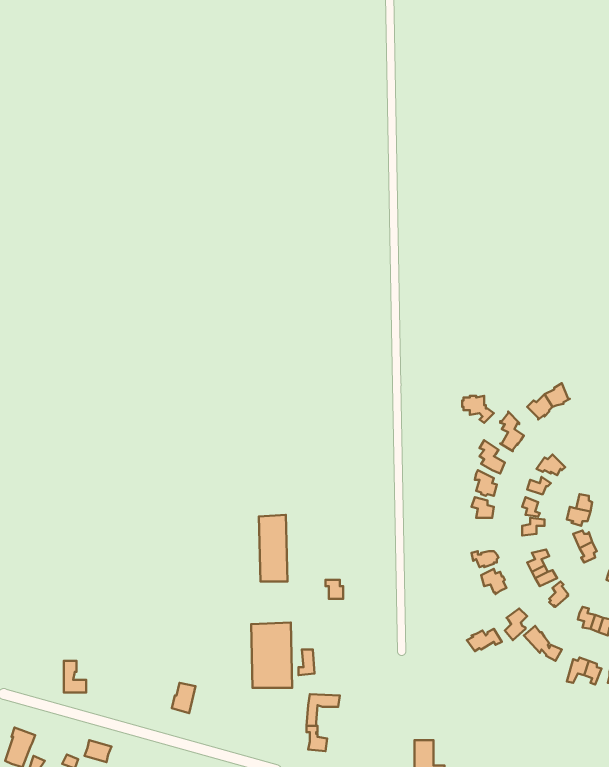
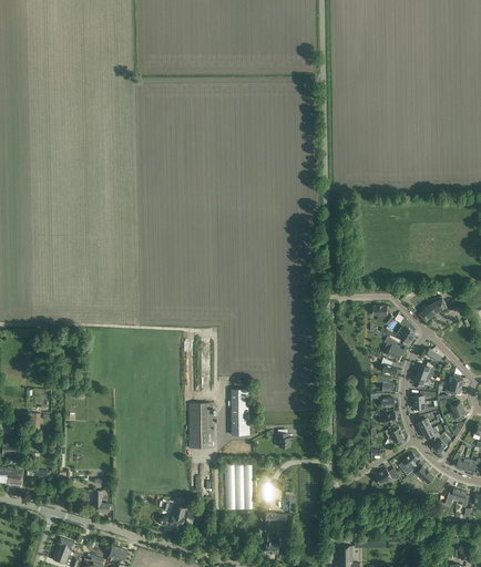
building: none -> [188,404,213,449]

